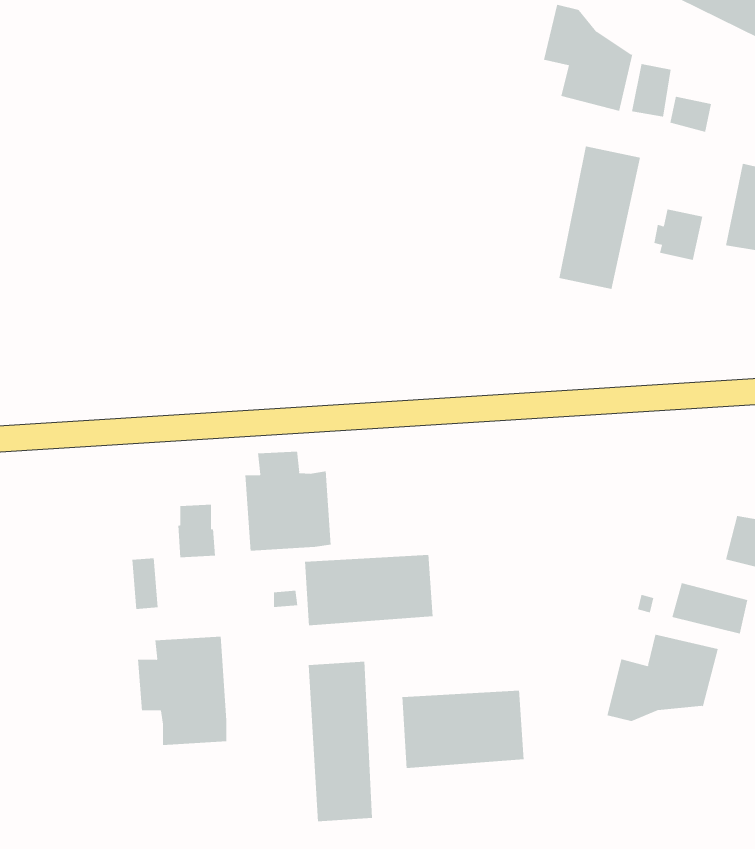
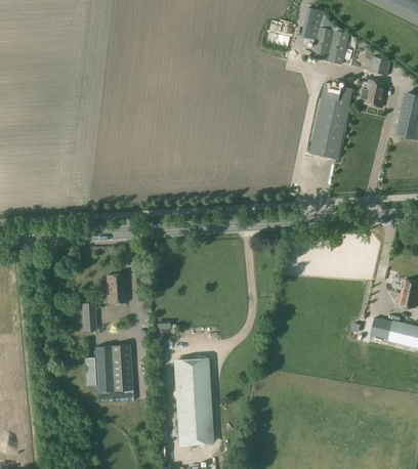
building: [653,209,703,260] -> [362,79,388,106]
building: [245,451,331,551] -> none
building: [305,554,433,626] -> none
building: [607,634,718,722] -> none
building: [402,690,524,769] -> none

